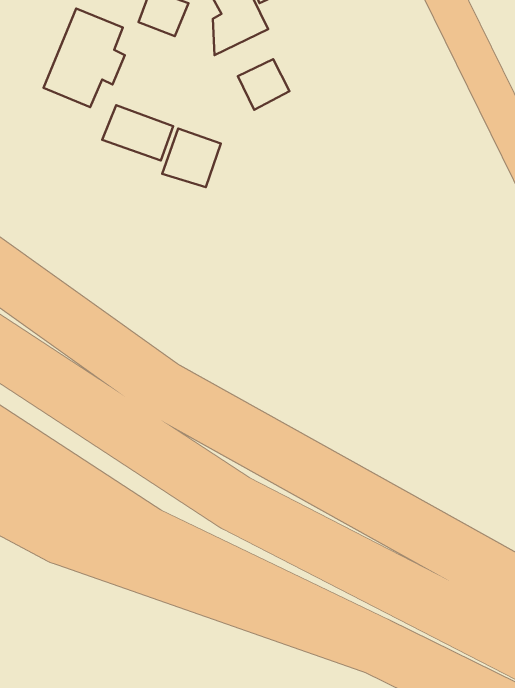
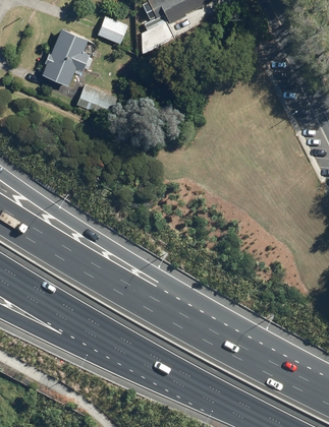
building: [238,59,289,110] -> none
building: [162,128,221,187] -> none

